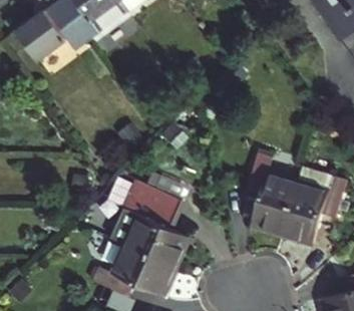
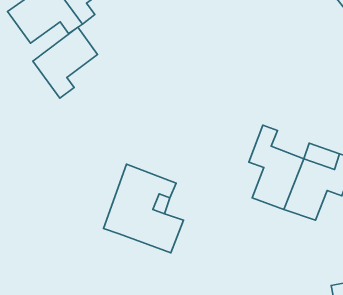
building: none -> [33,27,98,98]
building: [92,245,172,297] -> none

